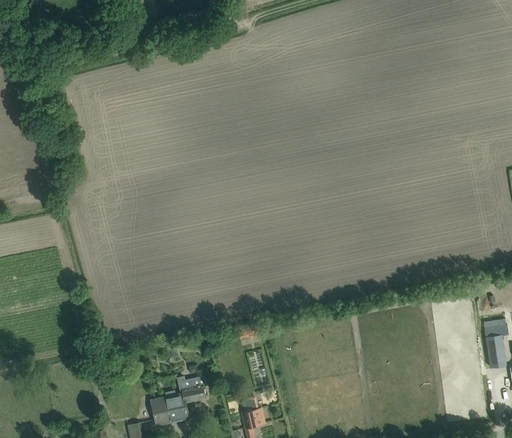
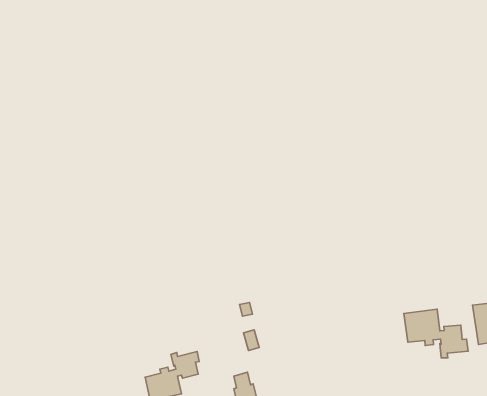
building: none -> [404,309,468,358]

